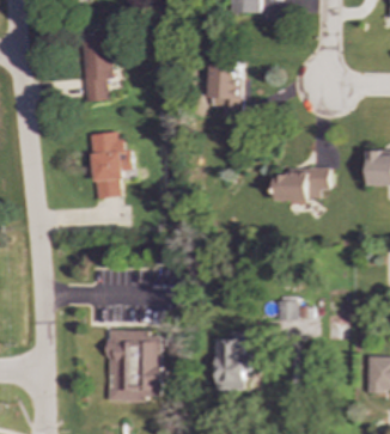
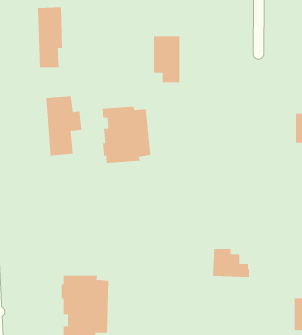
building: none -> [102,106,151,164]
building: [275,167,329,201] -> none
building: [217,332,252,390] -> none

